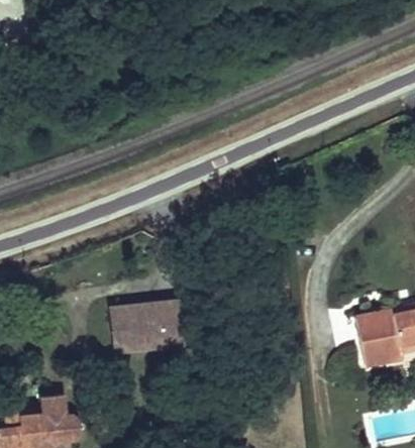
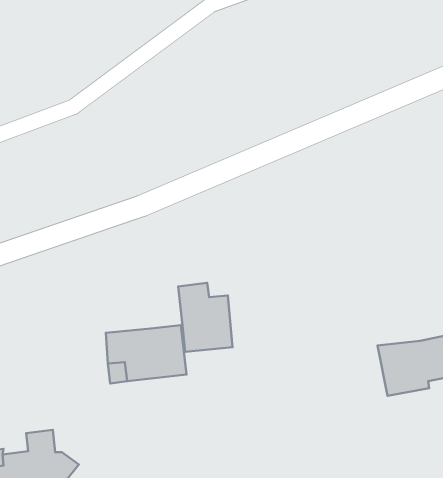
building: none -> [178,283,233,352]

